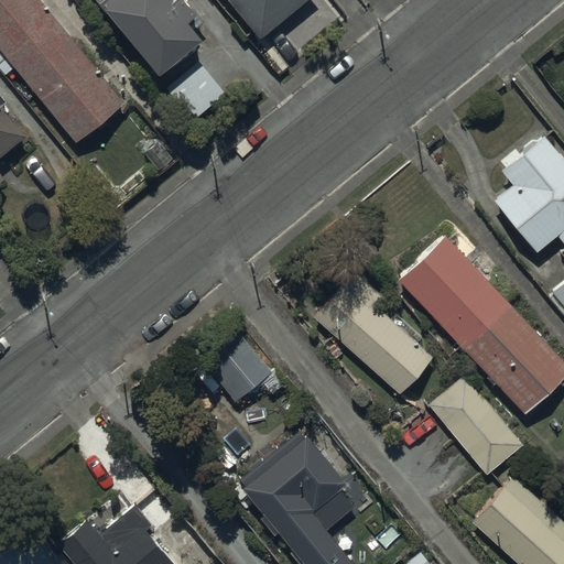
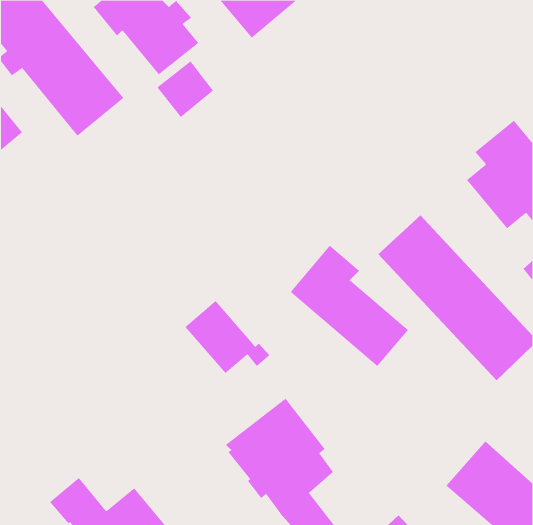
building: [427,375,522,476] -> none

